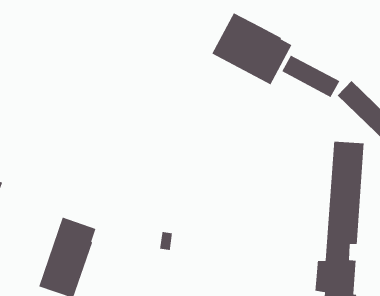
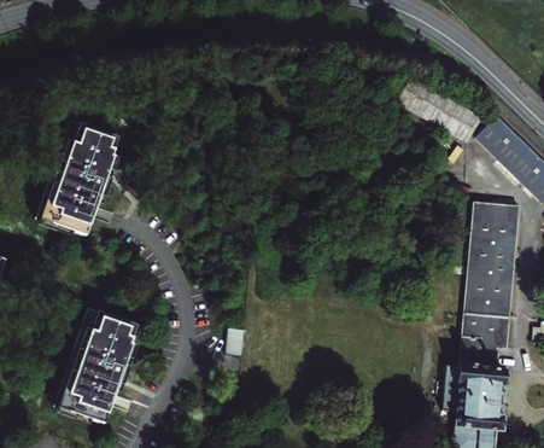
building: [211,12,292,86] -> none
building: none -> [39,121,122,237]

